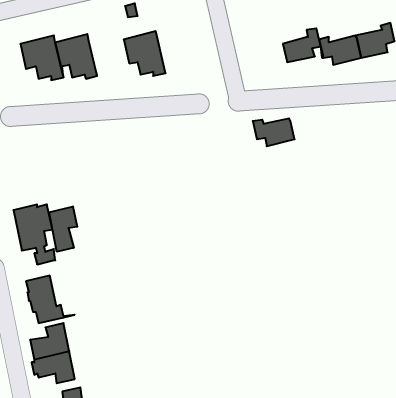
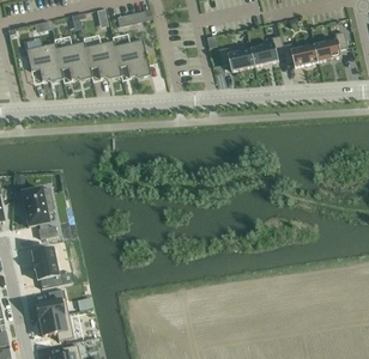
building: none -> [85,38,121,77]
building: [253,118,295,146] -> [219,45,255,69]
building: [49,206,77,252] -> none

